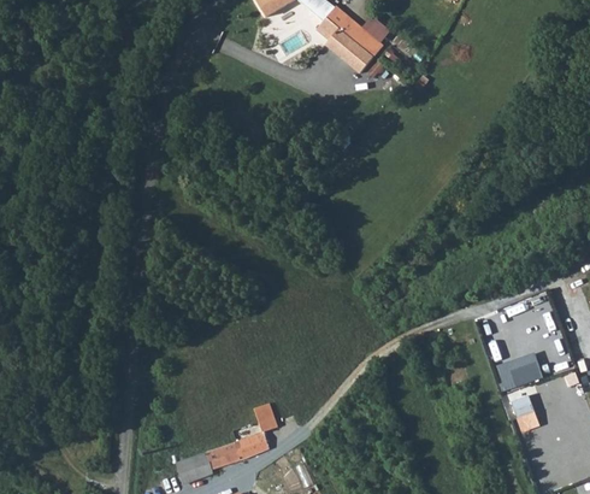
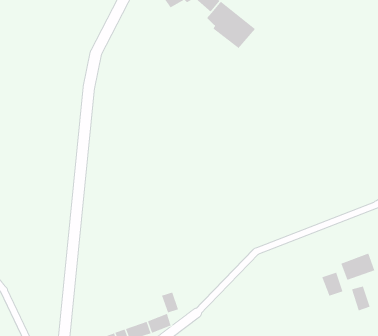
building: none -> [322,272,343,296]

